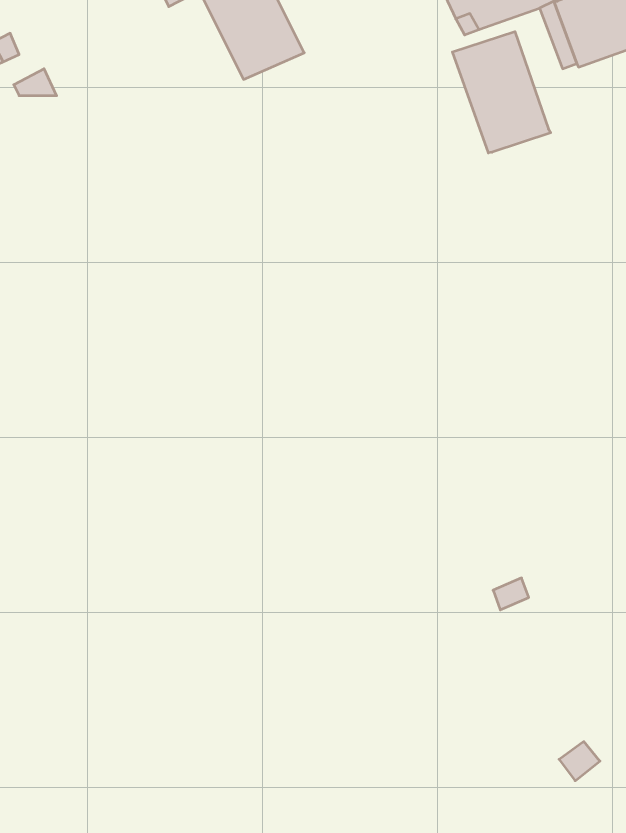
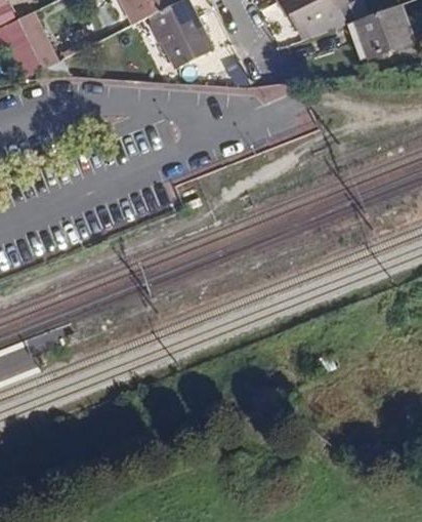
building: [452,32,551,153] -> none

